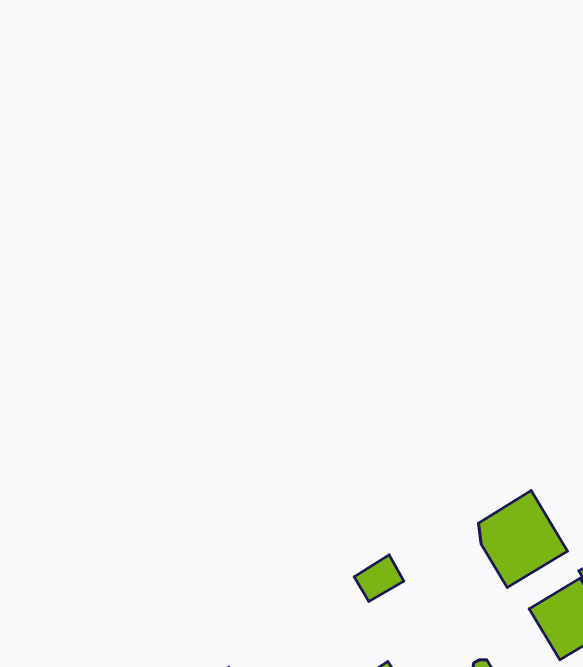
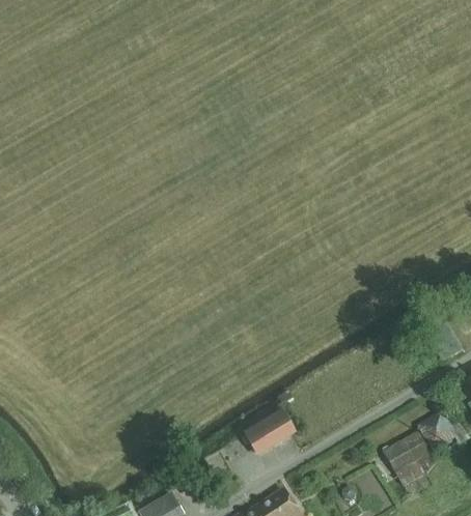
building: [479,491,567,587] -> none

